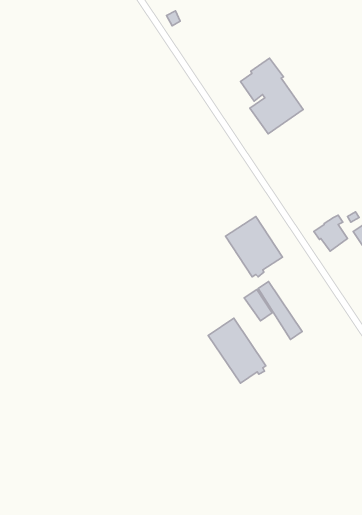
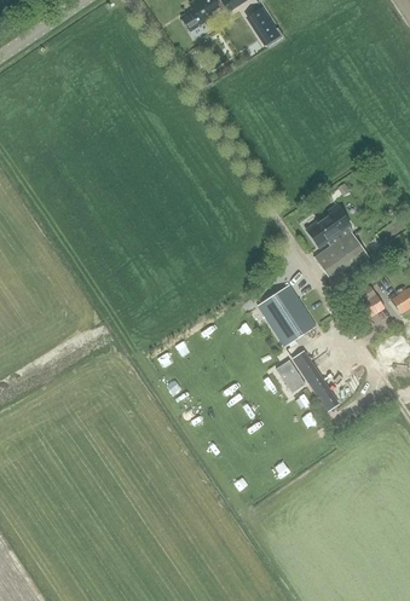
building: [240,58,303,134] -> [304,202,369,281]
building: [208,318,266,383] -> none

